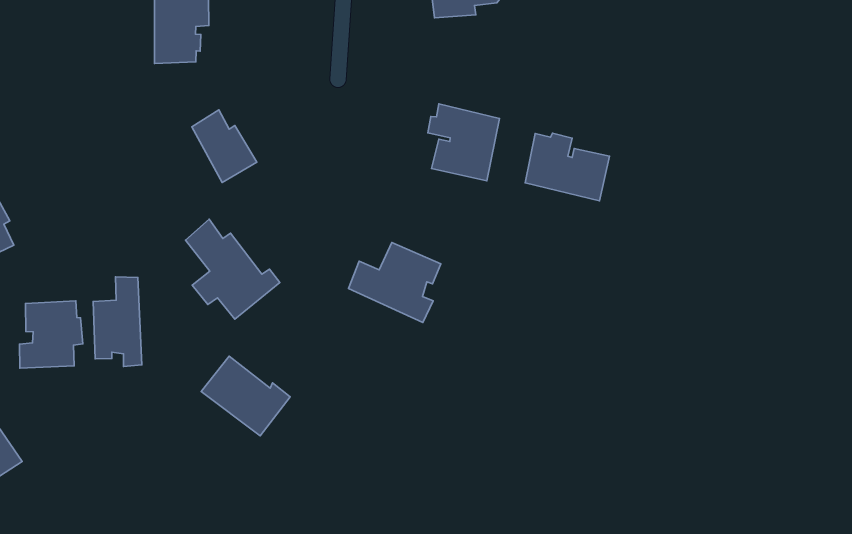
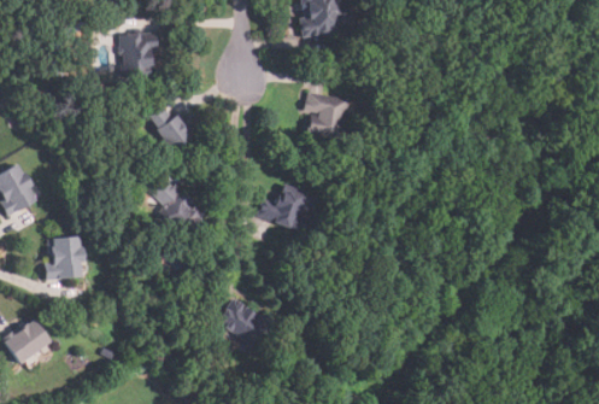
building: [525,133,610,201] -> none
building: [93,277,142,366] -> none
building: [201,356,290,436] -> [215,297,272,347]

